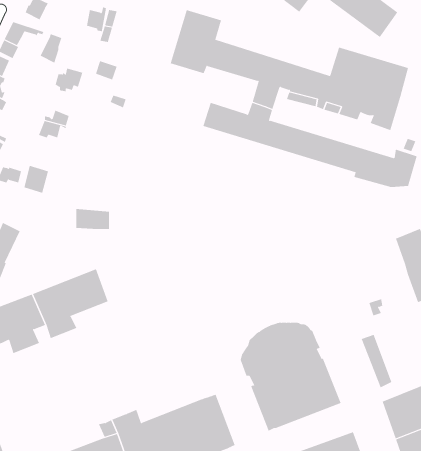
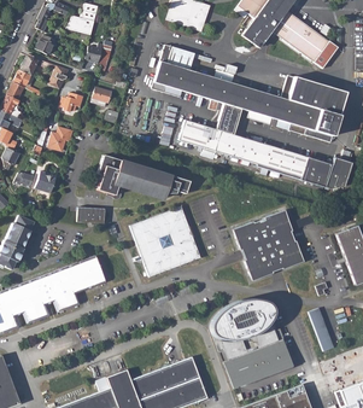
building: none -> [98,155,189,200]
building: none -> [128,204,199,276]
building: none -> [232,206,301,278]

